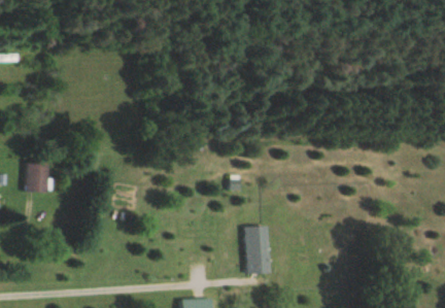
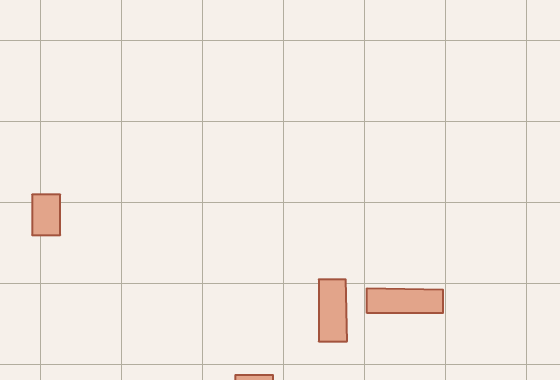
building: none -> [367,288,443,313]

